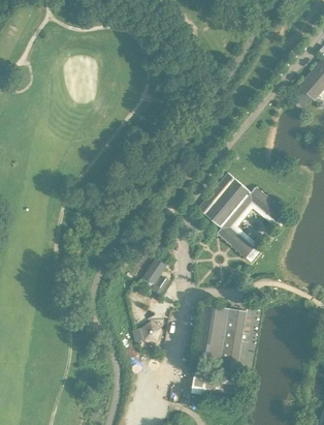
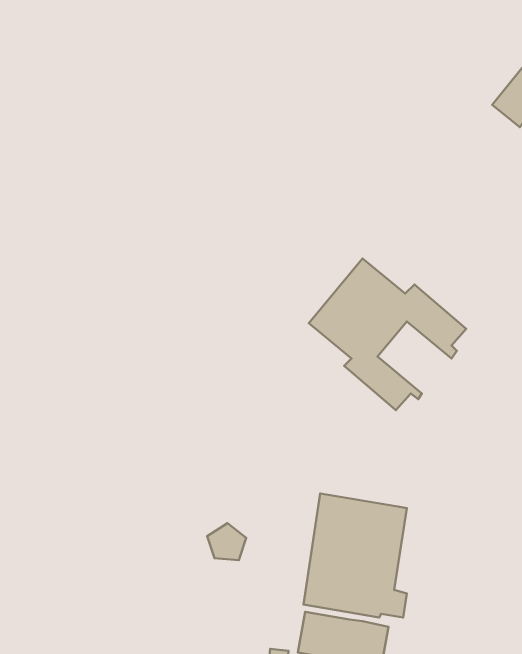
building: [141,253,169,297] -> none

